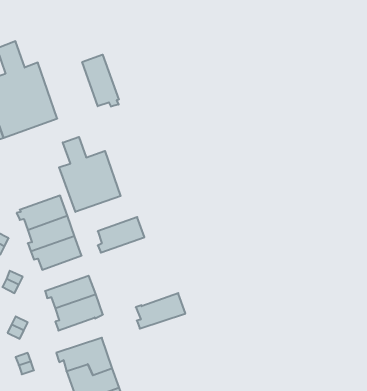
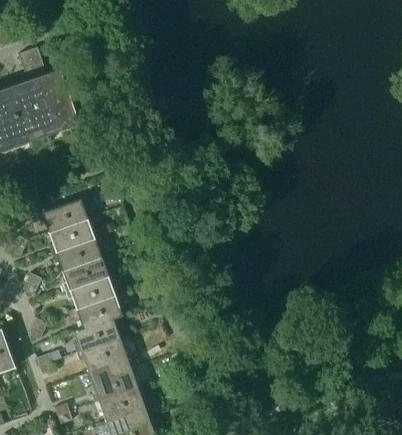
building: [82,55,119,107] -> none
building: [59,137,121,212] -> none
building: [98,217,144,253] -> [63,258,109,293]
building: [136,293,185,329] -> [73,319,122,354]

